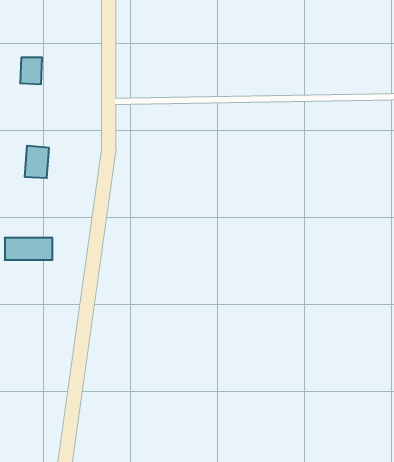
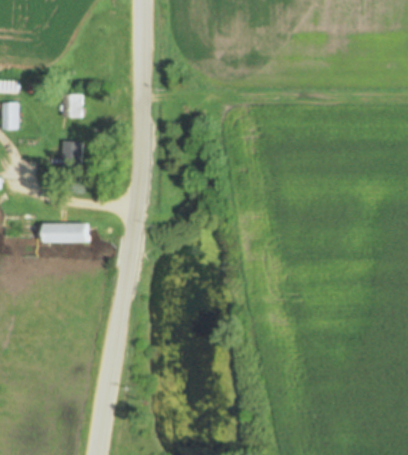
building: [20,58,42,84] -> [62,93,82,117]

